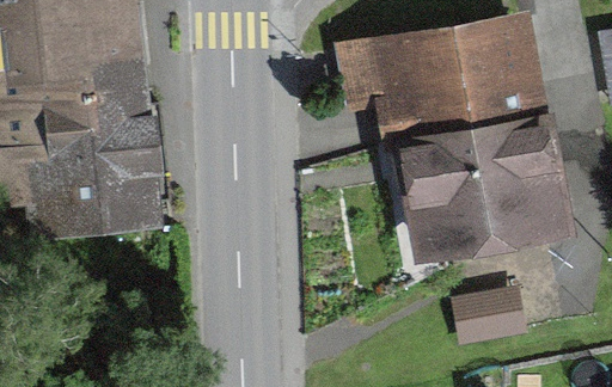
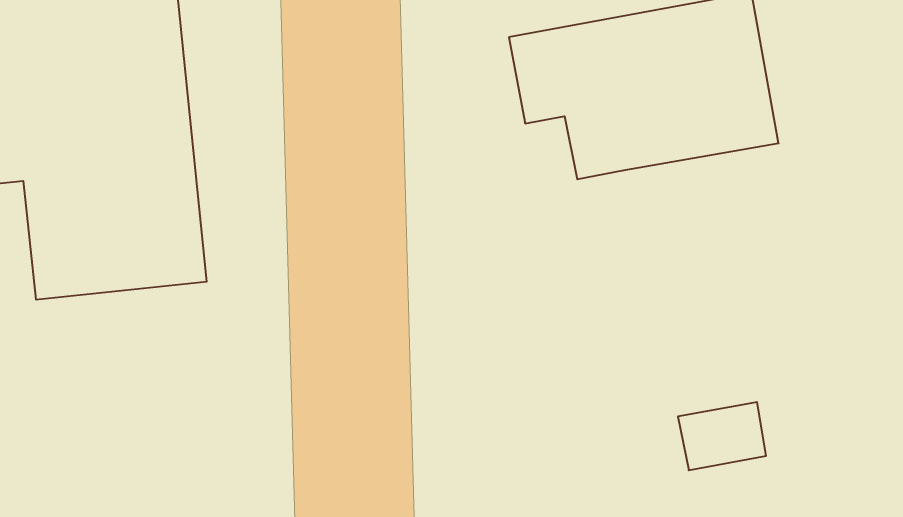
building: [424,119,545,238] -> none

